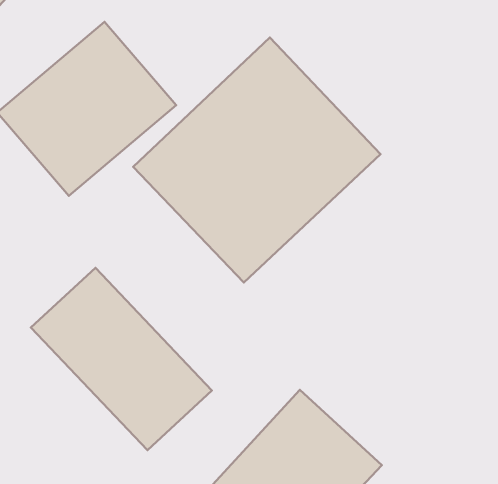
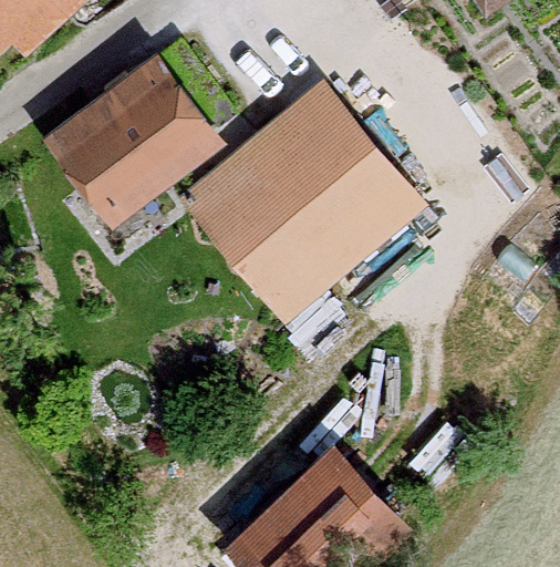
building: [31,268,212,450] -> none

